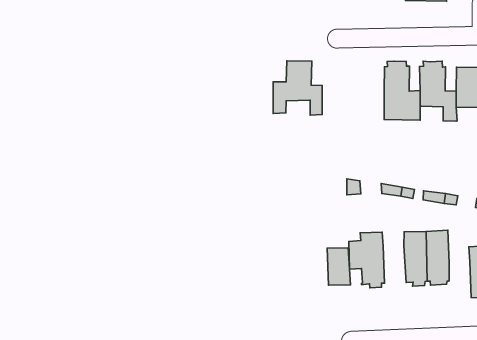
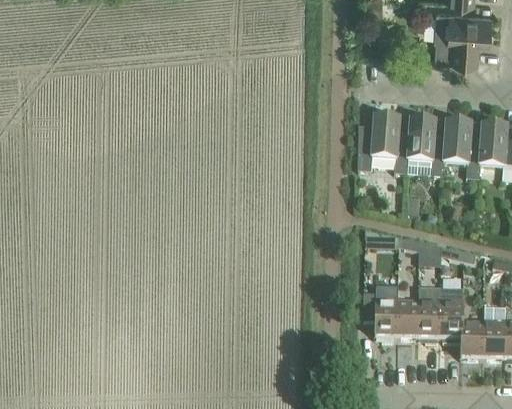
building: [273,61,322,115] -> [358,117,409,173]
building: [327,248,350,285] -> [397,300,419,338]
building: none -> [460,321,484,358]

